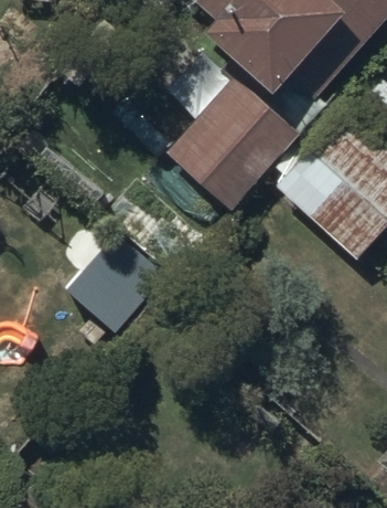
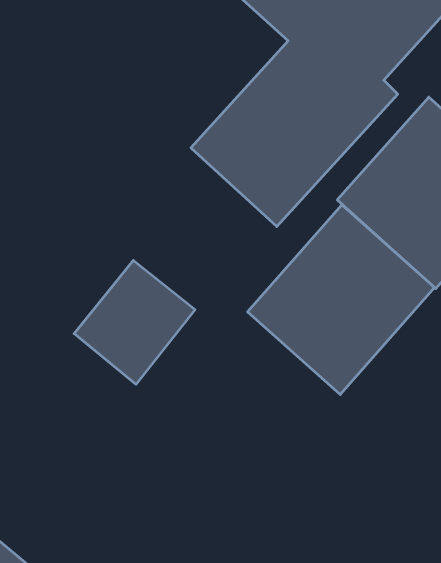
building: none -> [248,205,435,395]

